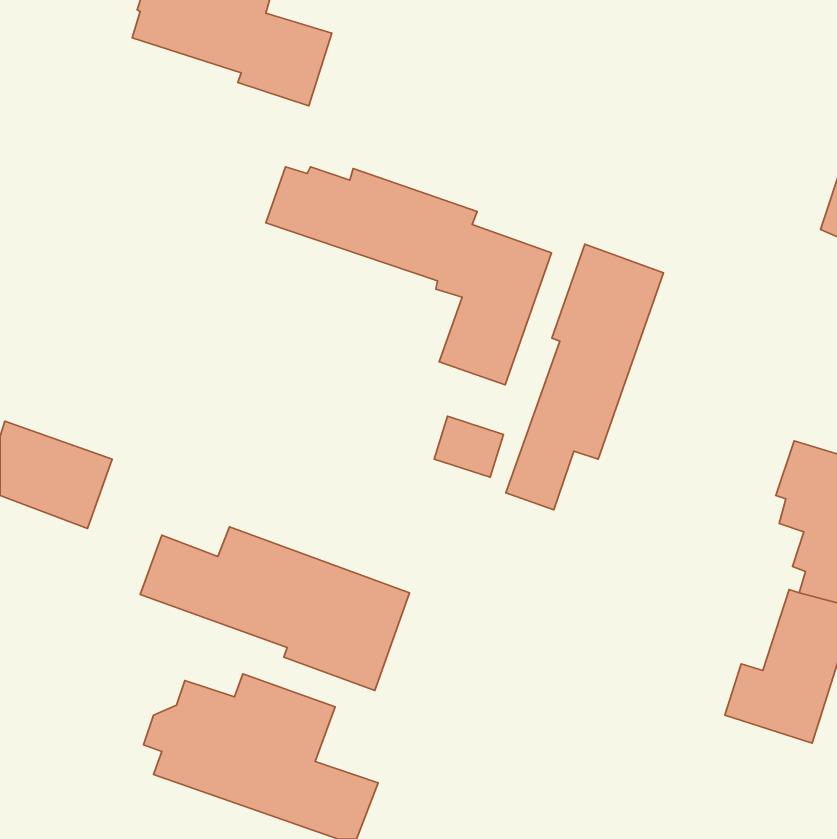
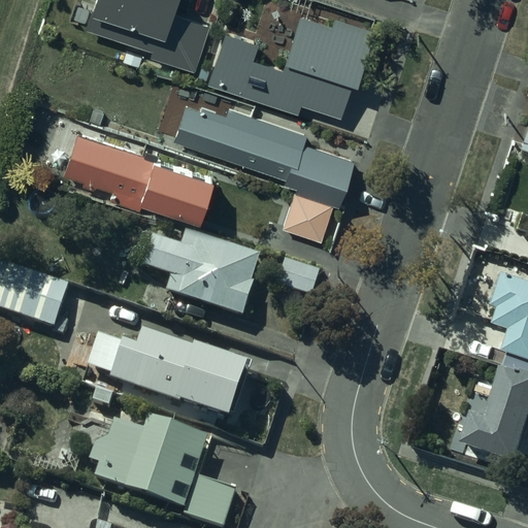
building: none -> [197,12,369,116]
building: none -> [73,125,213,216]
building: [506,244,663,510] -> none
building: none -> [138,233,260,320]

